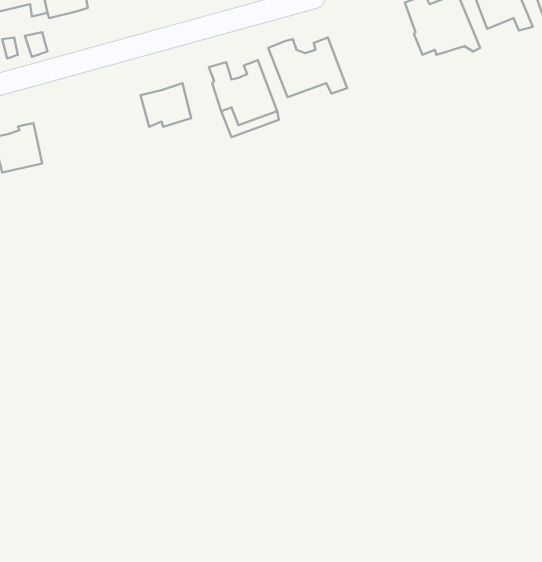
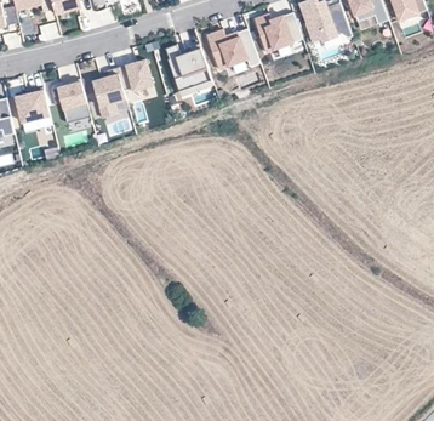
building: none -> [255,11,302,52]
building: none -> [92,68,126,118]
building: none -> [53,81,91,123]

